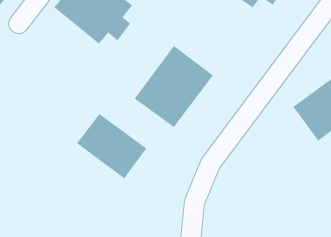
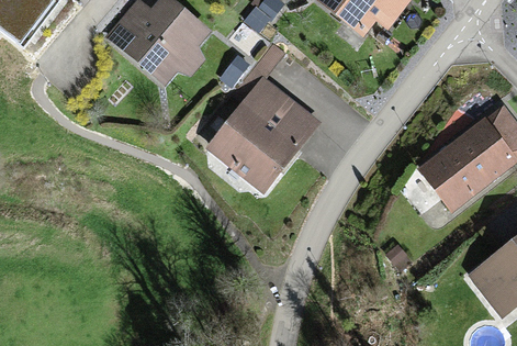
building: [76,113,147,179] -> none

